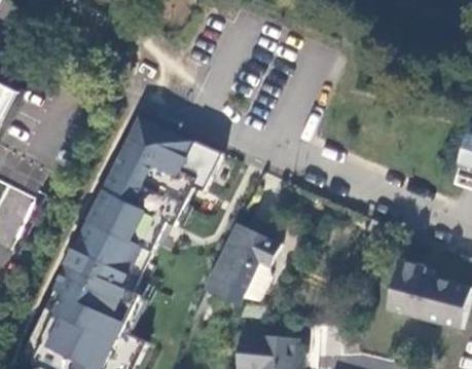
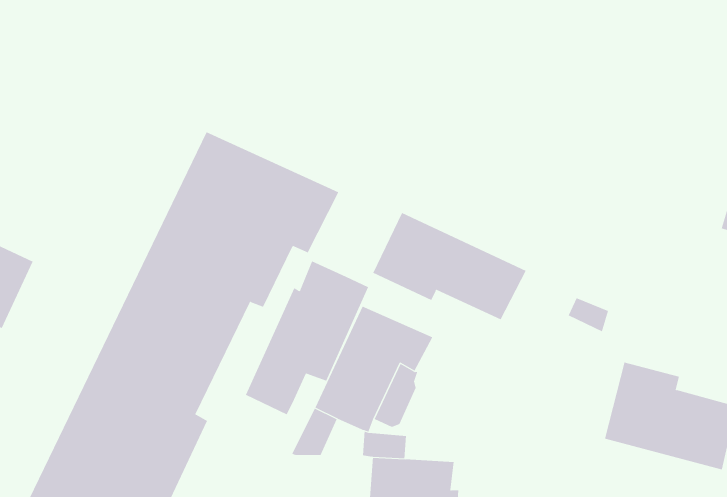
building: none -> [372,212,526,320]
building: none -> [245,261,369,415]

